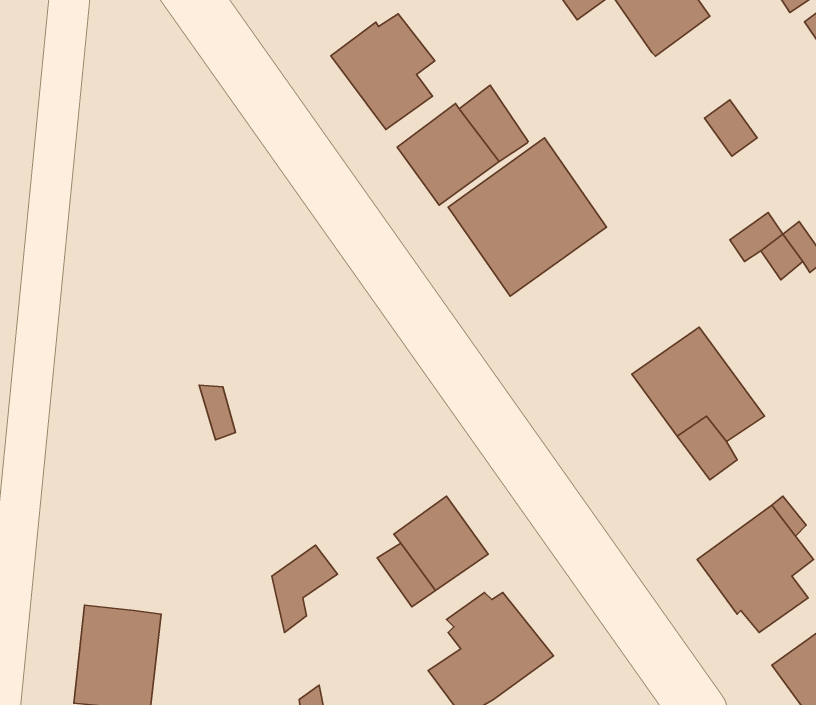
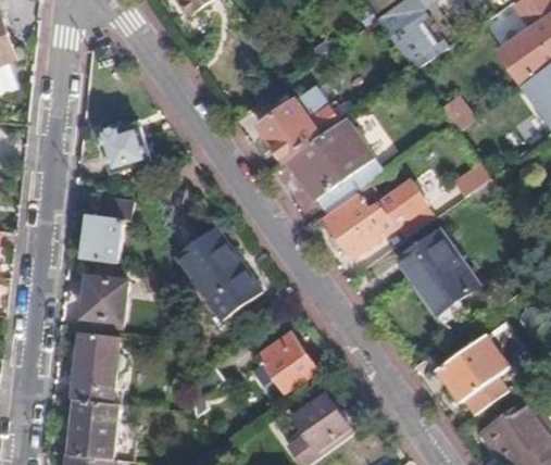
building: [331,14,435,129] -> none
building: none -> [100,123,149,168]
building: none -> [327,188,428,259]
building: none -> [83,198,130,257]
building: none -> [173,224,258,327]
building: none -> [82,276,127,321]
building: none -> [73,345,121,403]

